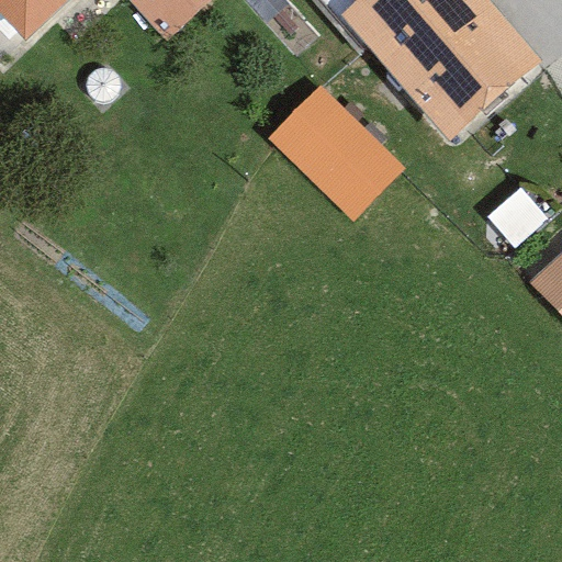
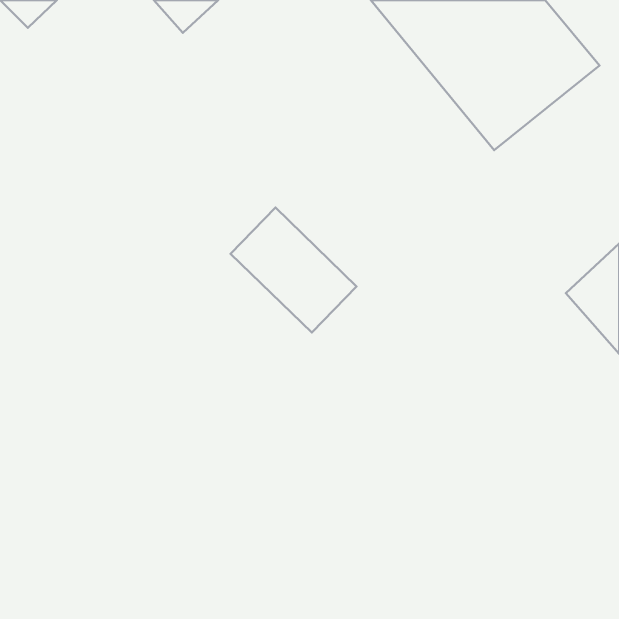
building: [280,92,394,205] -> [231,208,357,332]

